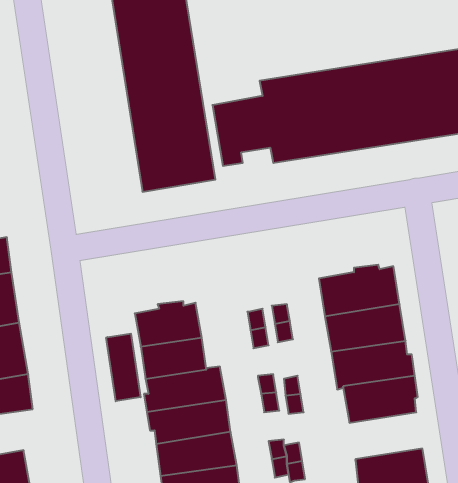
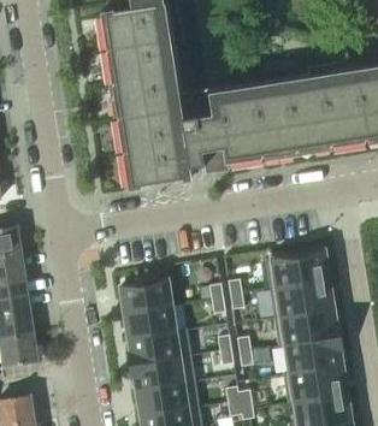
building: [106,334,141,401] -> none
building: none -> [283,362,347,402]

